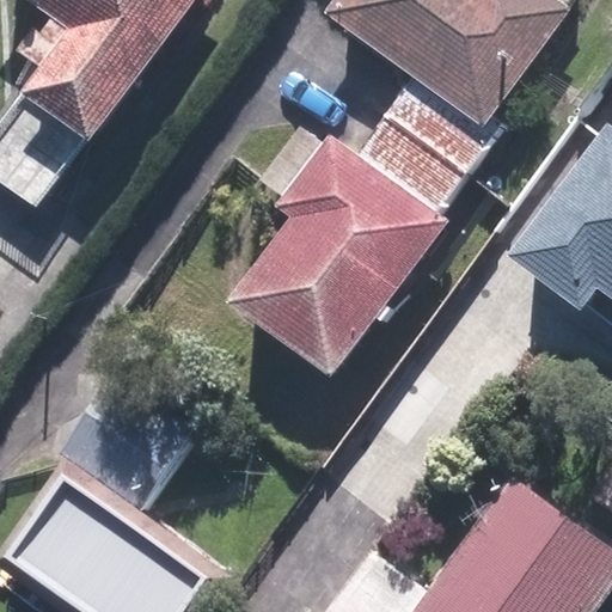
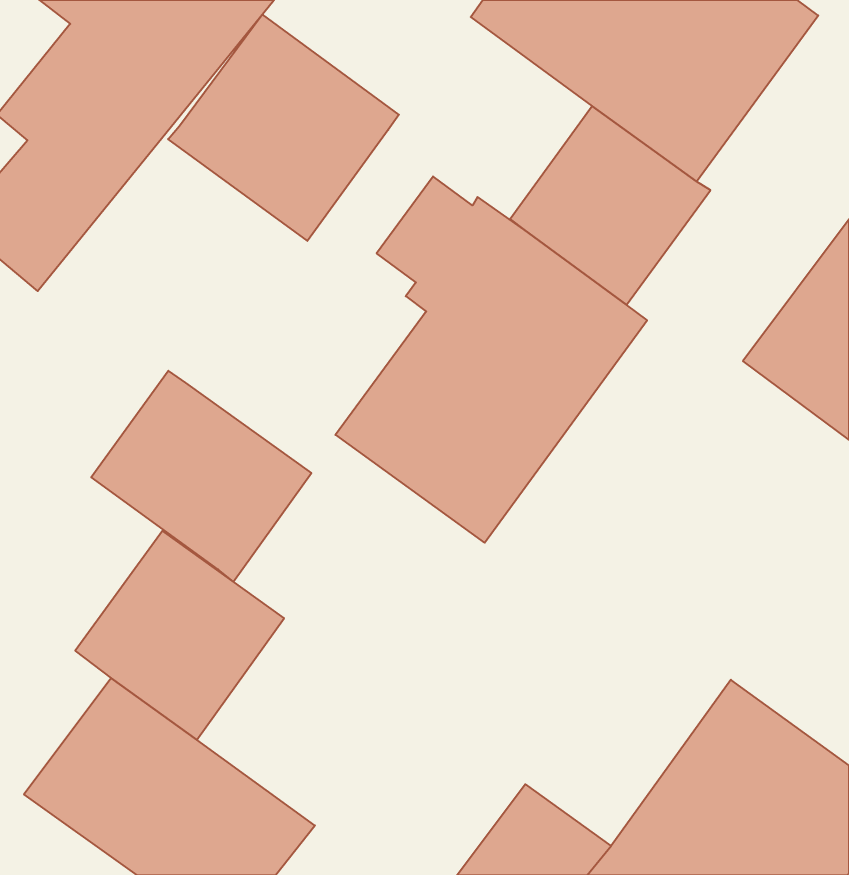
building: none -> [168,14,399,241]
building: none -> [91,371,311,582]

